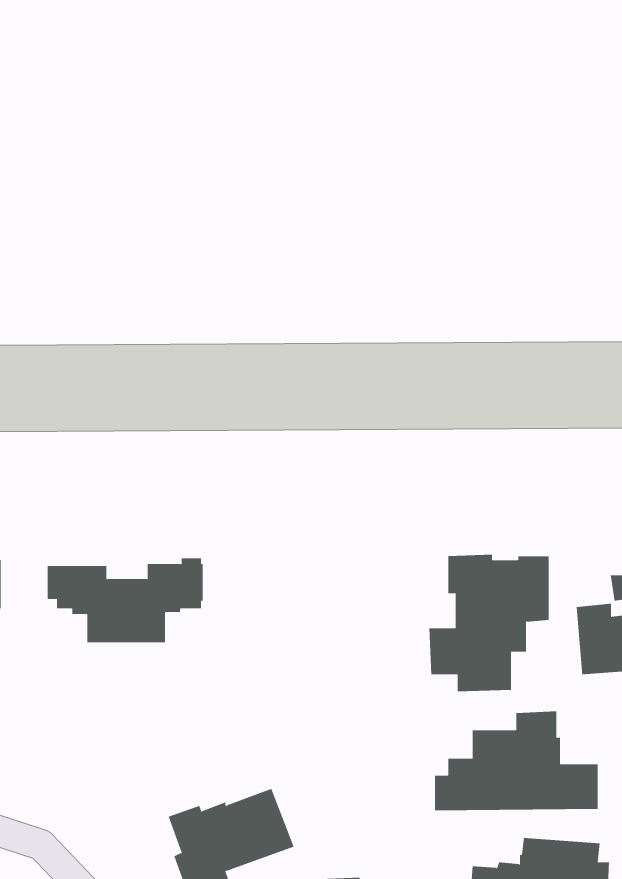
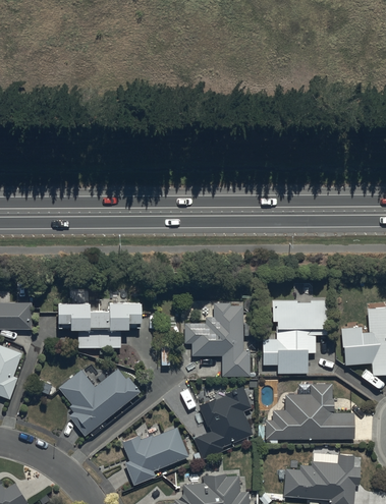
building: none -> [184,302,250,377]
building: none -> [58,368,140,437]
building: none -> [195,385,253,455]

